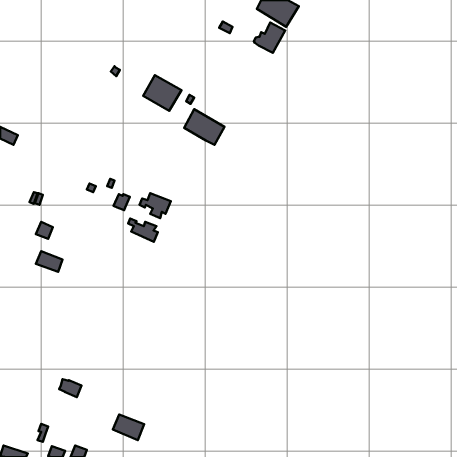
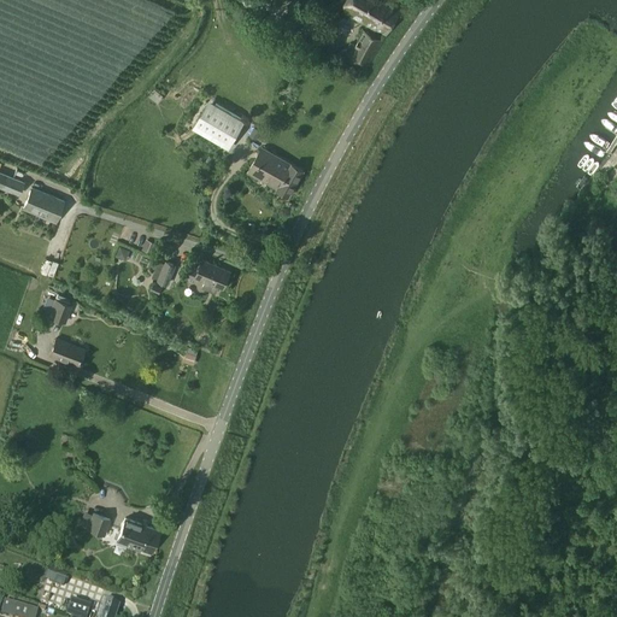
building: none -> [23,188,64,222]
building: [128,219,158,242] -> none
building: [113,414,144,440] -> [117,518,159,553]

